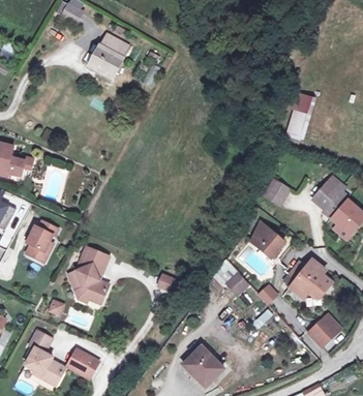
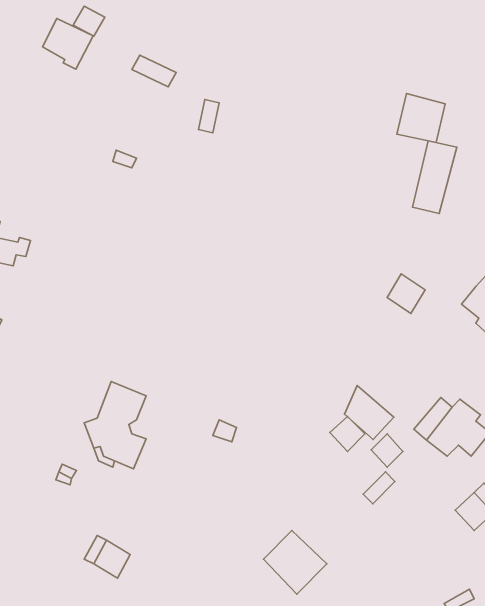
building: [90,45,123,79] -> [43,18,93,69]
building: none -> [397,94,445,142]
building: [254,221,286,256] -> [345,386,394,439]
building: [28,222,60,264] -> none
building: [25,331,65,386] -> none

